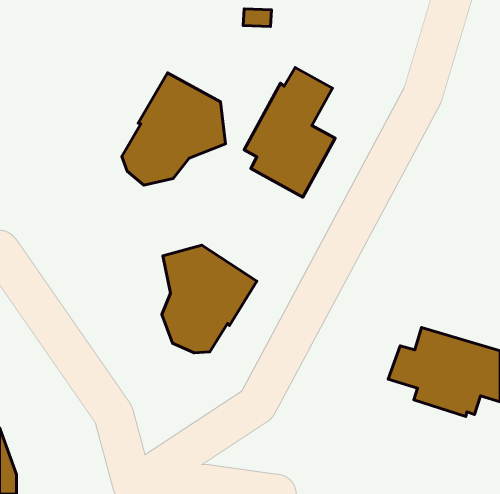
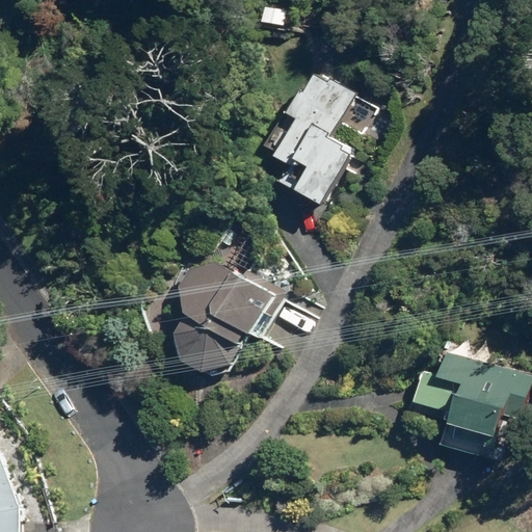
building: [122,73,225,185] -> none

